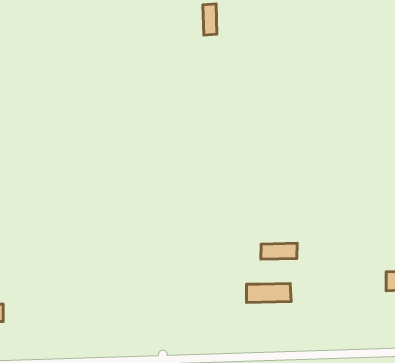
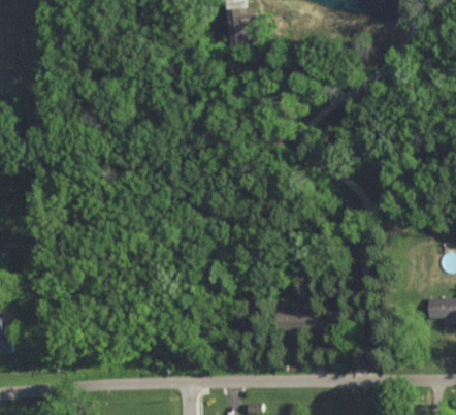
building: [261,243,297,259] -> none

